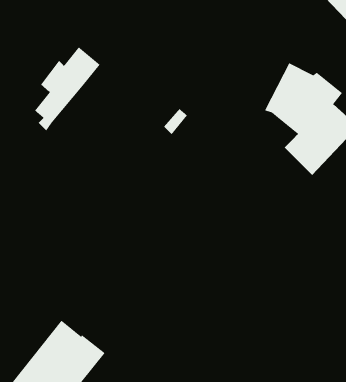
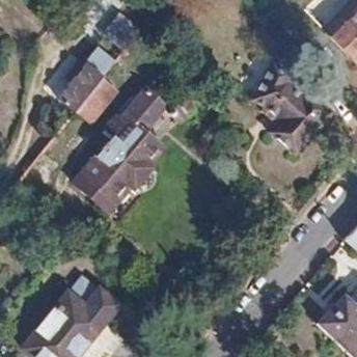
building: none -> [75,79,116,123]
building: none -> [74,94,161,201]

